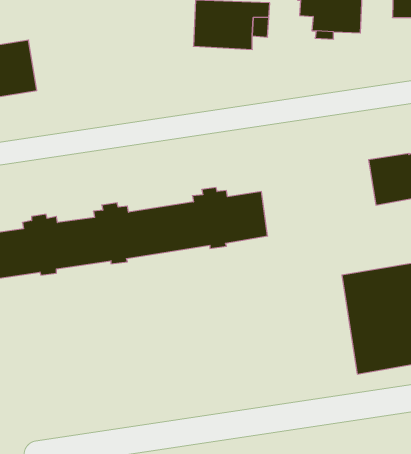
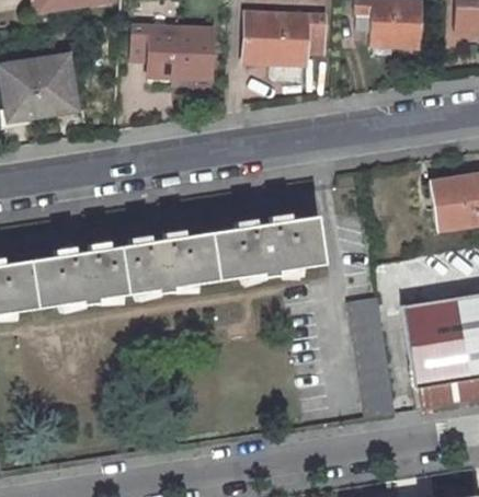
building: none -> [133,25,212,78]
building: none -> [349,297,395,417]

